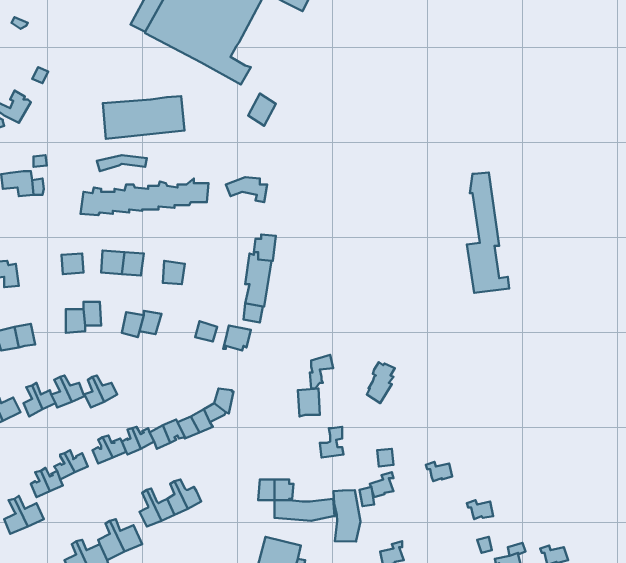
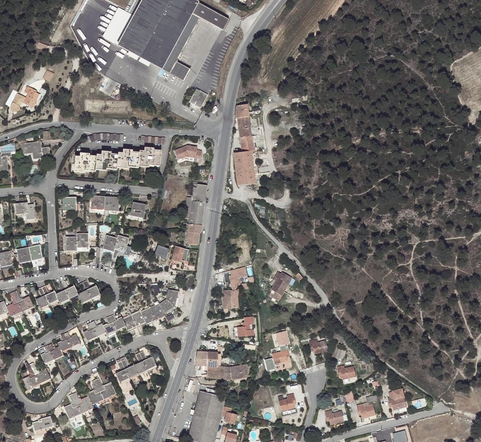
building: [103,96,184,139] -> none
building: [467,172,509,293] -> [232,103,261,185]
building: [334,490,360,542] -> none

